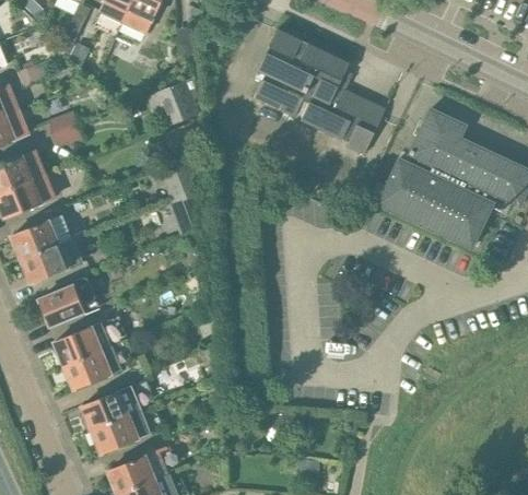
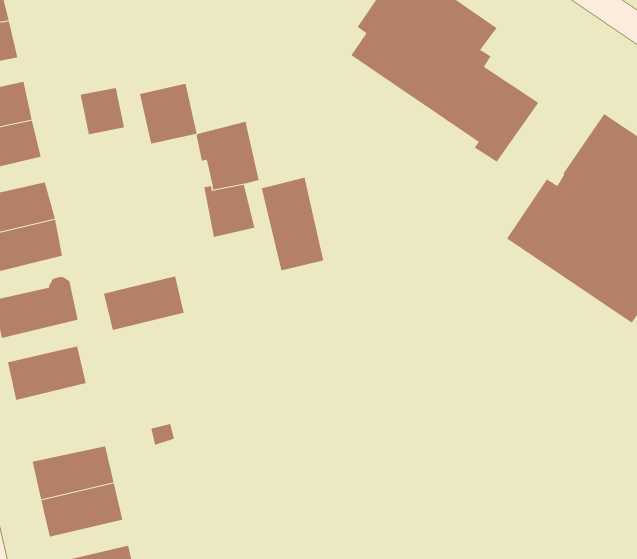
building: [154,81,198,126] -> [139,83,197,144]
building: [46,110,80,145] -> [80,87,125,135]
building: none -> [261,177,324,271]
building: [63,346,120,390] -> [103,276,184,331]

